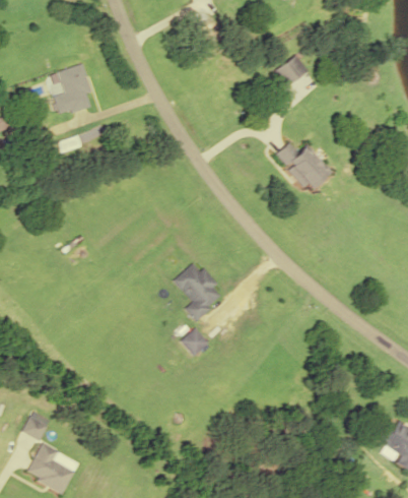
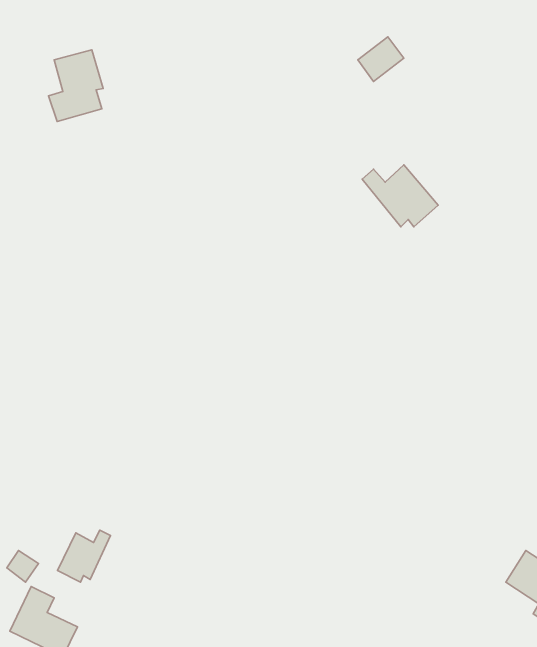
building: [174,263,224,319] -> none
building: [180,327,208,356] -> none
building: none -> [58,530,110,582]

